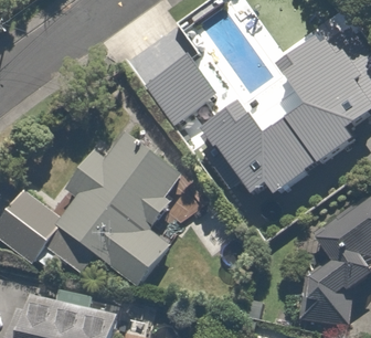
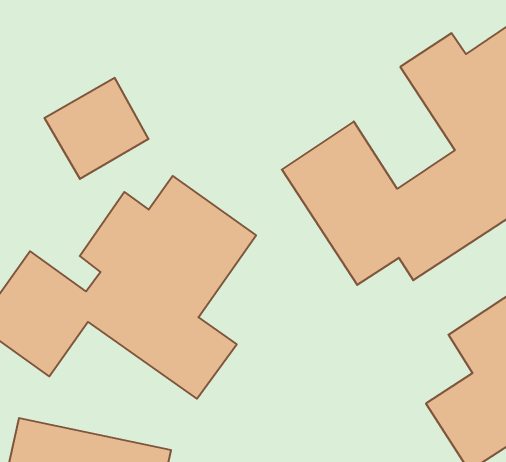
building: [141,51,213,120] -> [44,78,149,179]

